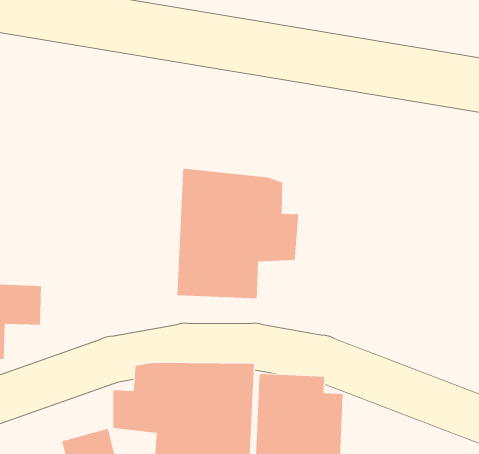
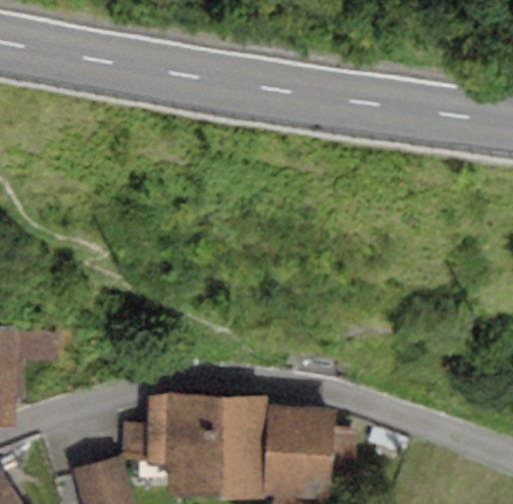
building: [177,168,299,299] -> none

